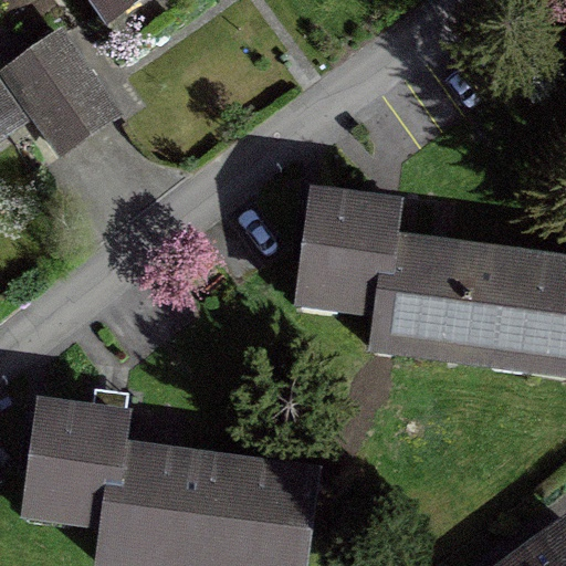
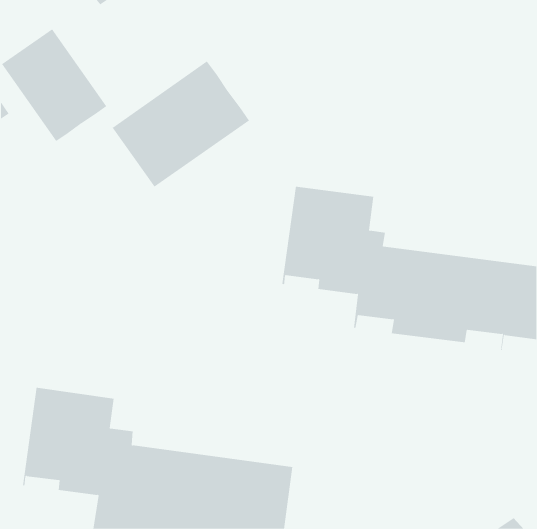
building: none -> [112,61,250,188]

